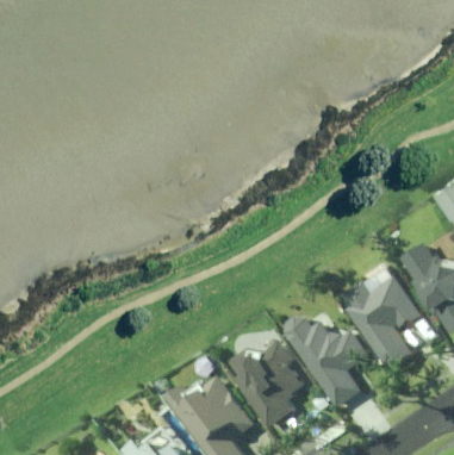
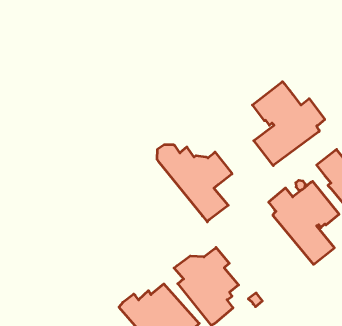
building: none -> [252,82,325,166]
building: [286,317,368,407] -> [157,145,232,222]

